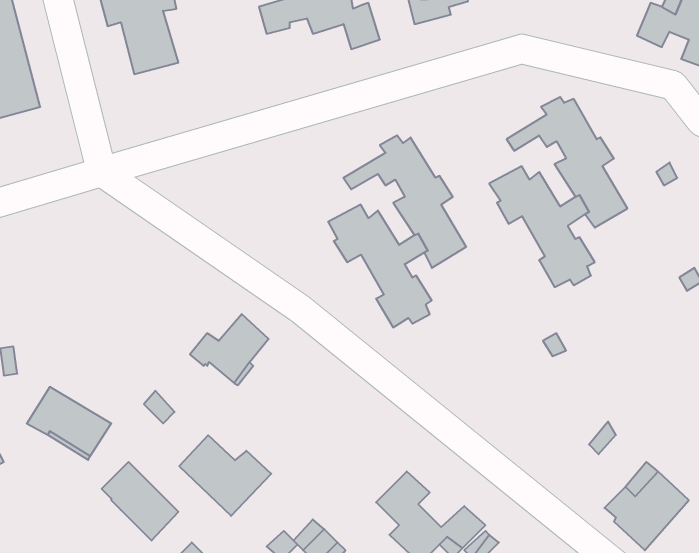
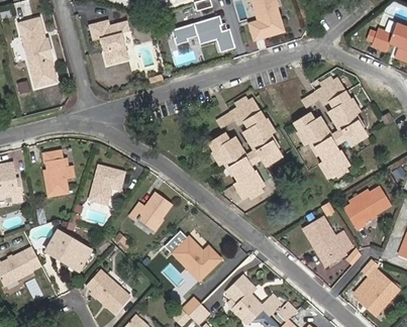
building: none -> [48,149,73,195]
building: none -> [94,162,129,201]
building: none -> [343,188,388,229]
building: none -> [302,217,350,260]
building: [179,435,271,516] -> [177,238,225,281]

